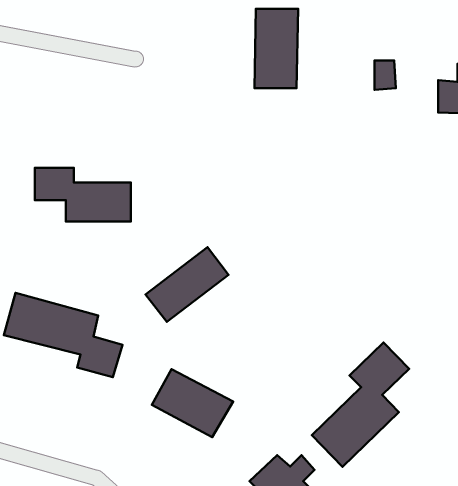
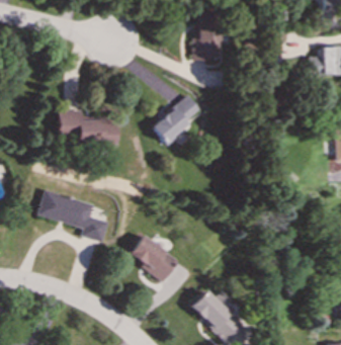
building: [146,247,229,322] -> [152,96,203,143]
building: [312,343,409,467] -> none

